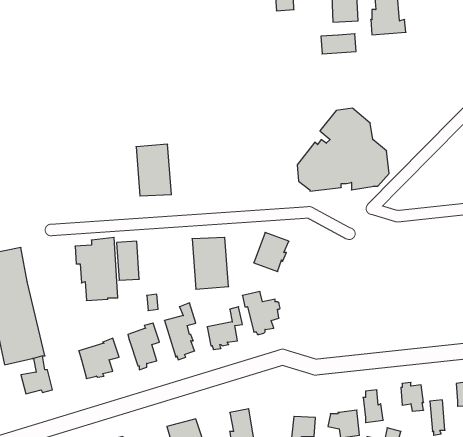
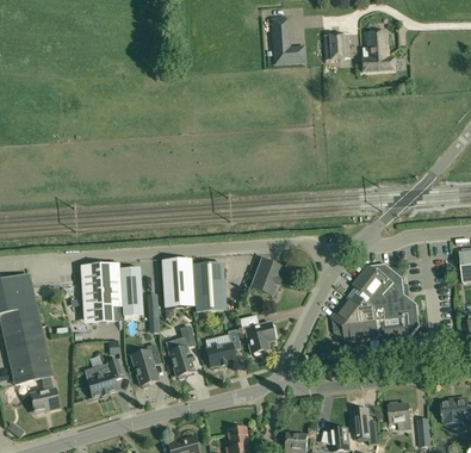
building: [321,34,356,54] -> [272,46,305,66]
building: [297,108,389,191] -> [333,263,420,342]
building: [136,144,171,196] -> [161,259,194,308]

